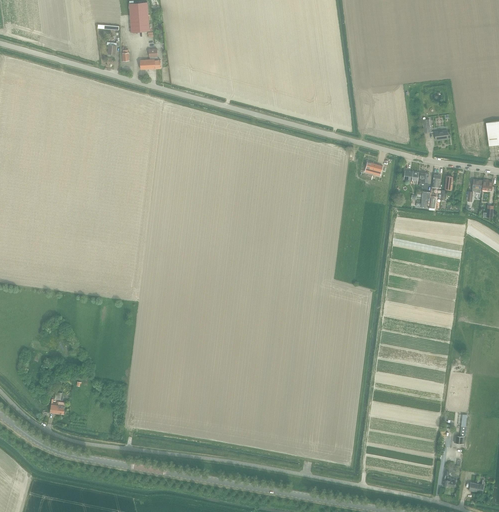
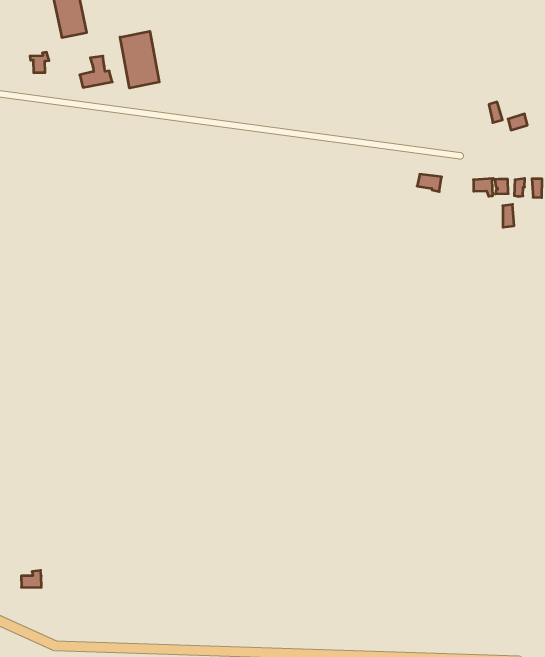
building: none -> [120,31,159,88]

